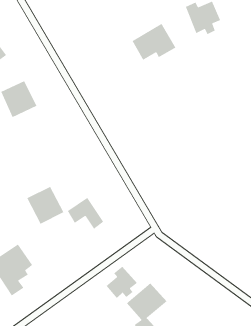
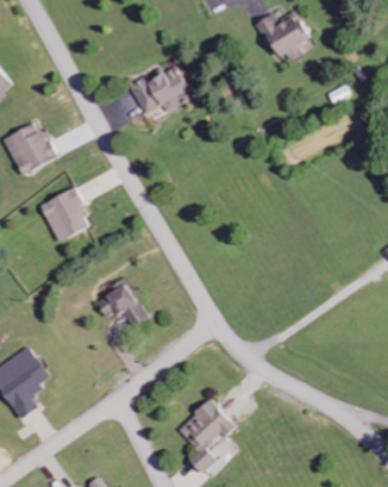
building: [132,23,177,61] -> [131,62,193,114]
building: [26,186,64,225] -> [40,188,93,242]
building: [106,266,138,299] -> none

